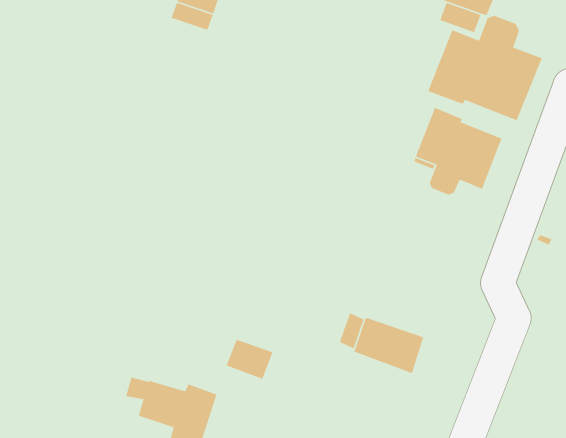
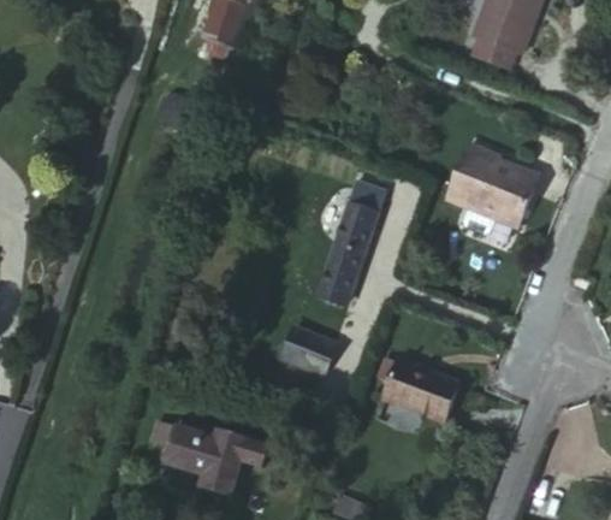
building: [427,15,543,121] -> none
building: none -> [320,182,384,301]
building: [226,339,273,380] -> [284,329,333,371]

